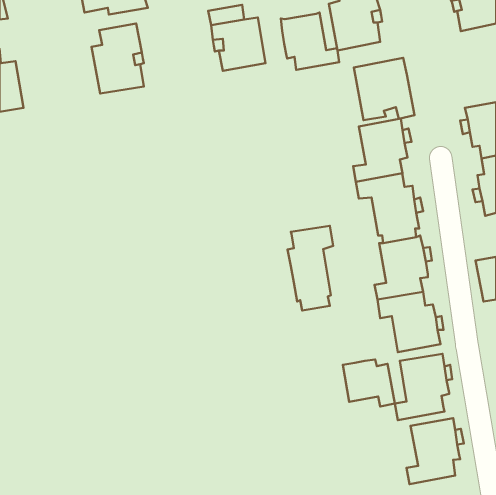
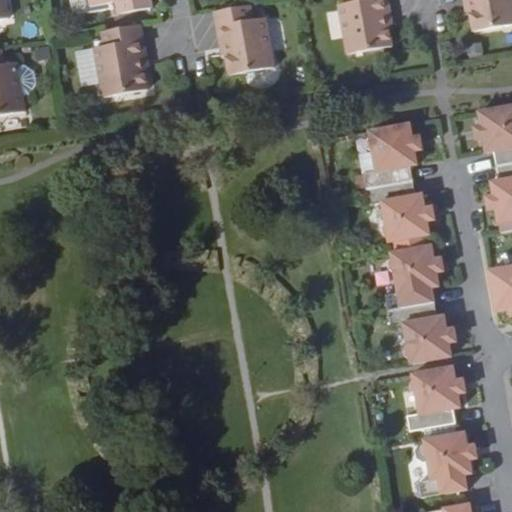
building: [281,13,339,70] -> none
building: [354,58,414,120] -> none
building: [288,226,333,311] -> none
building: [343,360,395,407] -> none

